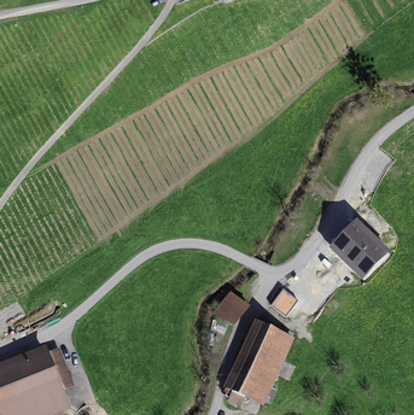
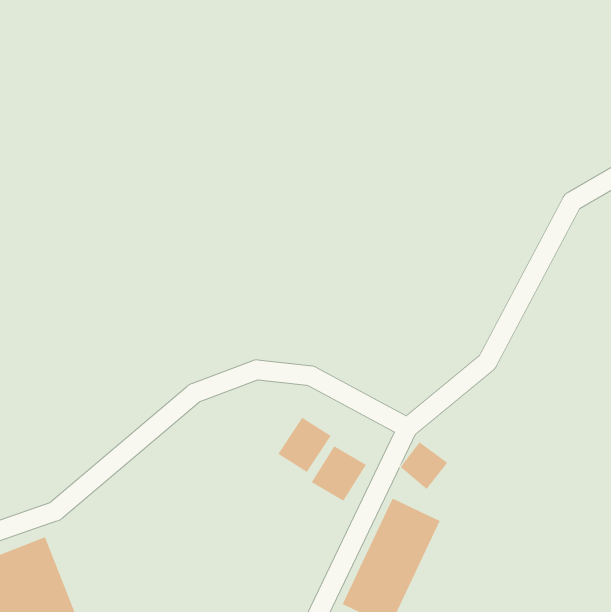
building: [333,218,380,267] -> none
building: none -> [278,417,332,473]

